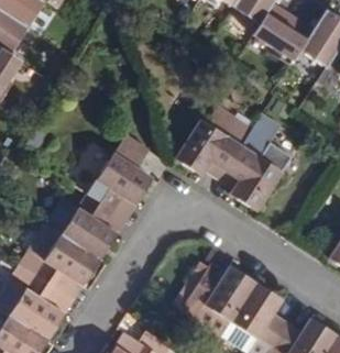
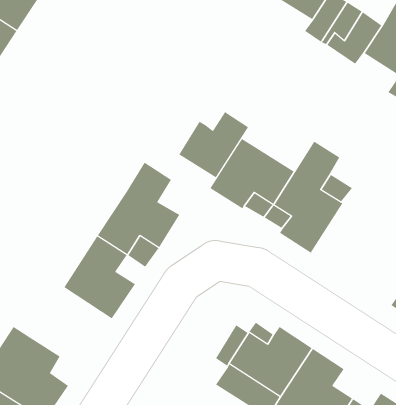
building: none -> [178,111,249,178]
building: [35,234,100,289] -> none

